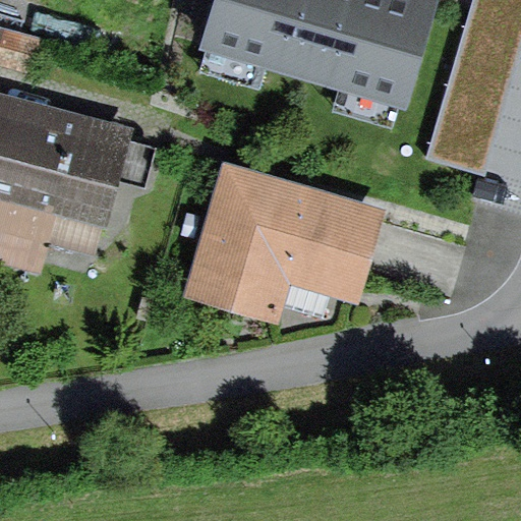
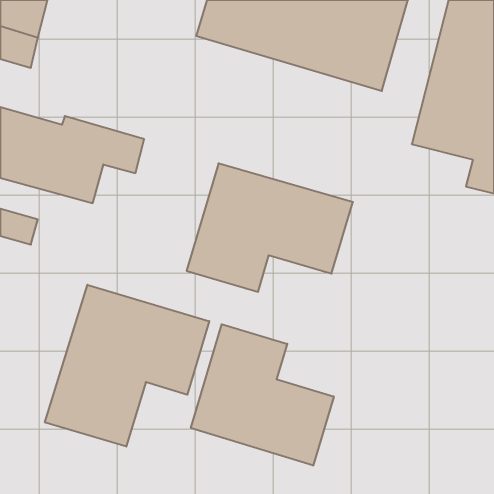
building: none -> [45,285,209,447]
building: none -> [191,324,334,466]

